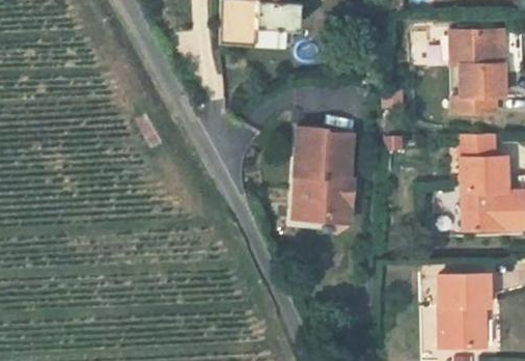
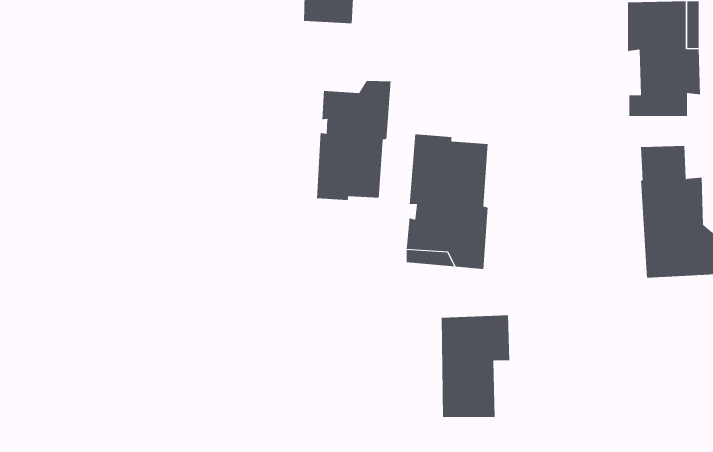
building: none -> [316,80,391,201]
building: [440,274,490,348] -> [441,315,510,417]

